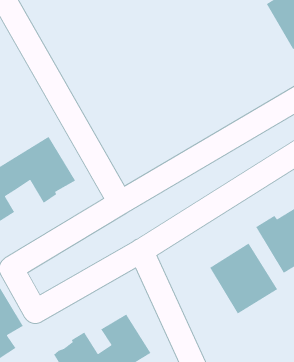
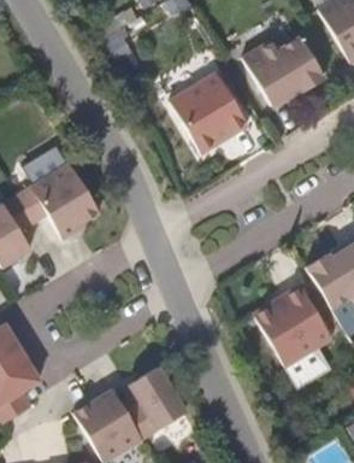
building: none -> [243,27,325,106]
building: none -> [170,72,249,154]

